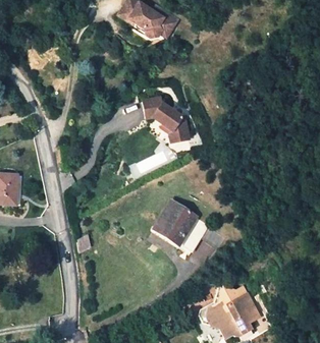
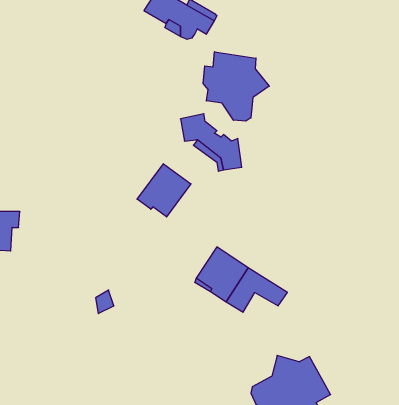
building: none -> [203,52,269,121]
building: none -> [137,164,191,217]

